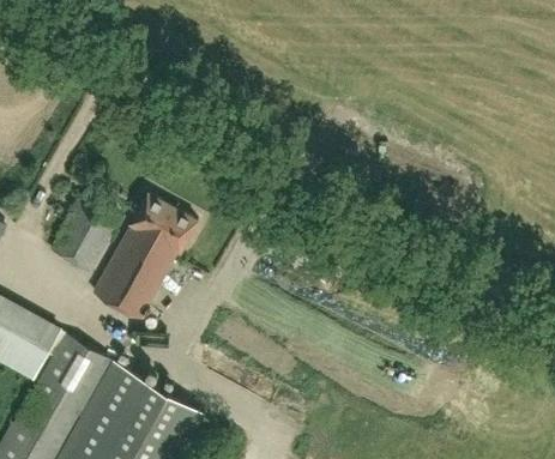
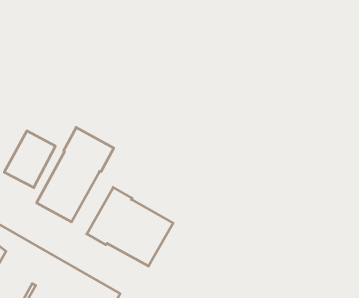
building: none -> [87,187,173,266]

